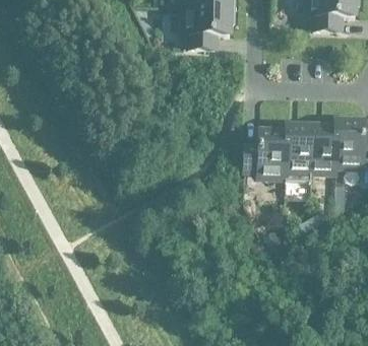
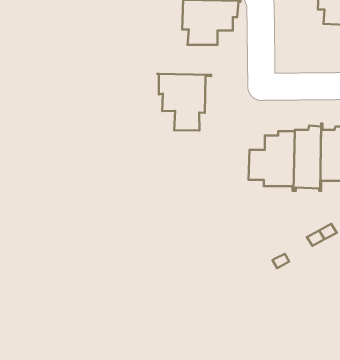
building: none -> [157,74,211,130]

